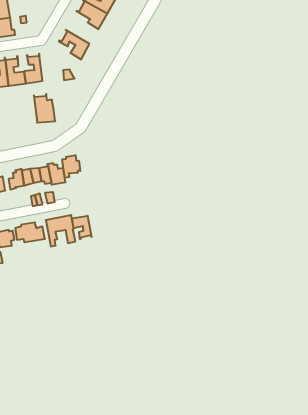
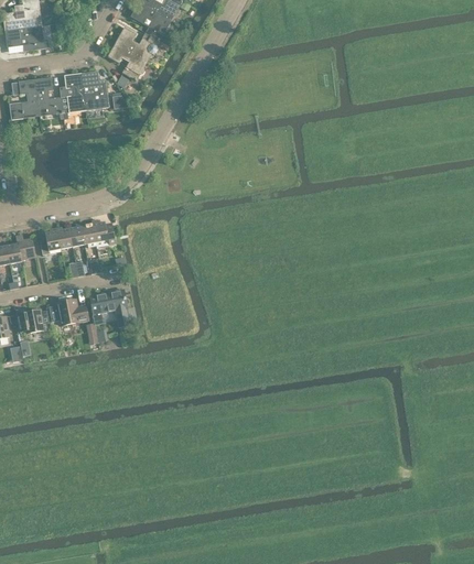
building: none -> [116,26,170,59]
building: [34,94,55,123] -> [80,70,109,109]
building: [62,155,80,178] -> none
building: [72,216,92,239] -> none

